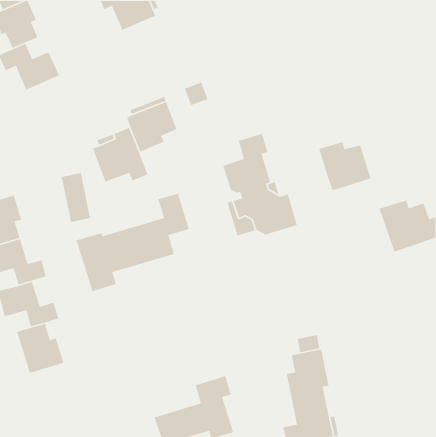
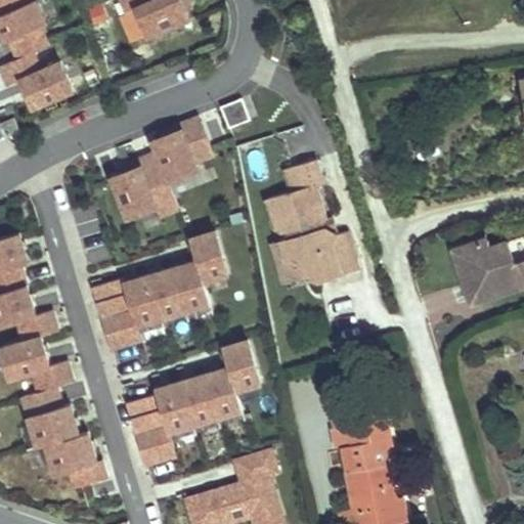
building: [318,141,372,191] -> none
building: none -> [125,340,259,466]
building: none -> [43,433,104,489]

